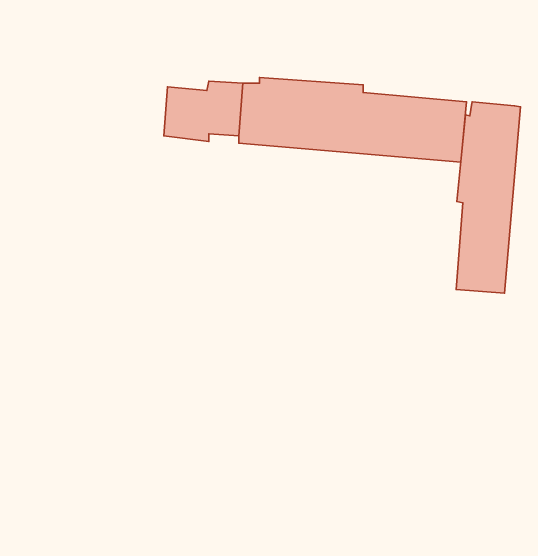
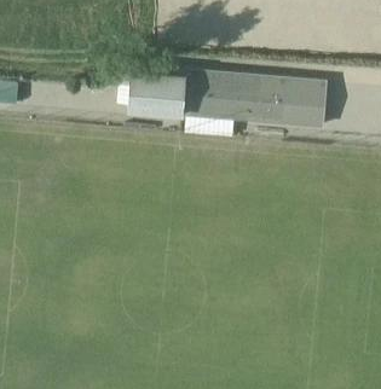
building: [456,102,520,293] -> none

